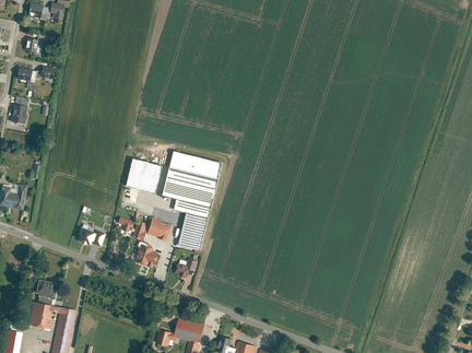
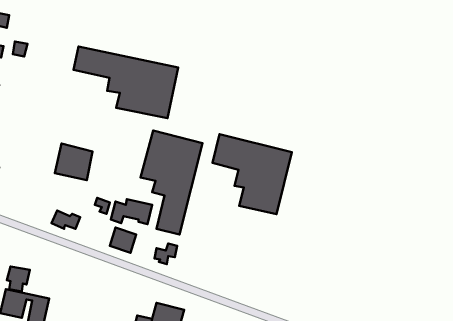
building: none -> [74,46,178,118]
building: none -> [212,134,292,214]
building: [126,158,162,193] -> [55,144,92,180]

